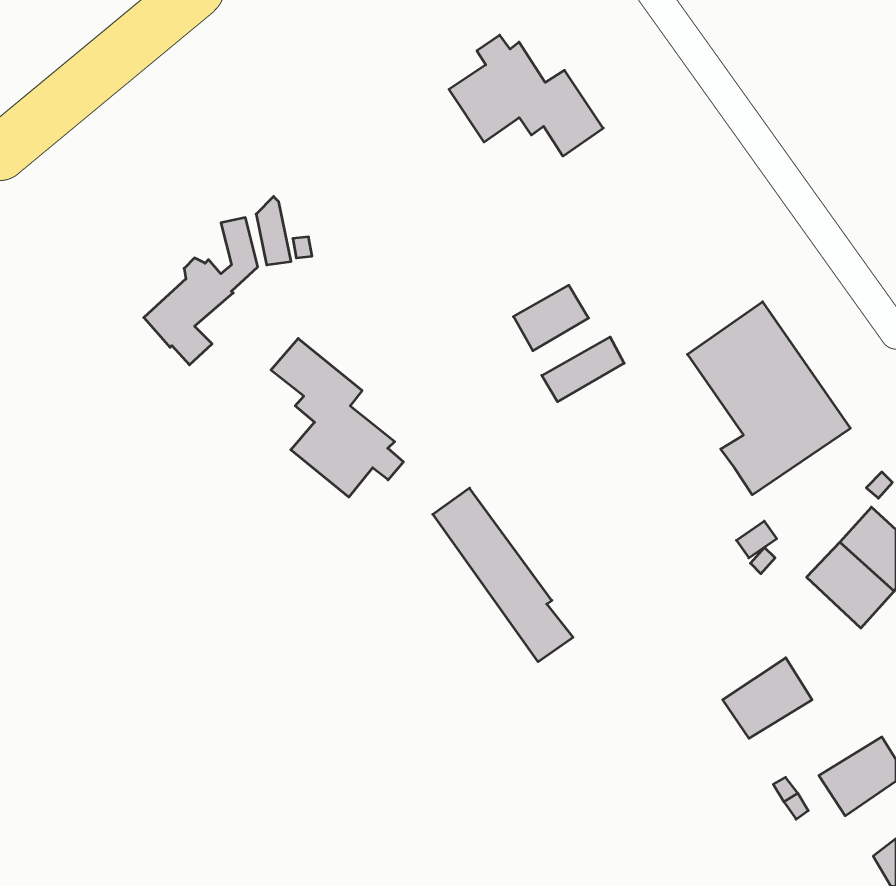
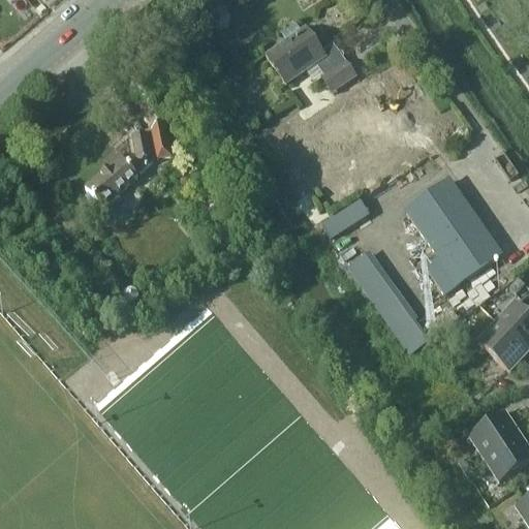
building: [513,285,589,351] -> none
building: [271,338,403,497] -> none
building: [433,488,573,662] -> [347,250,430,352]
building: [723,658,812,738] -> [467,409,520,457]

